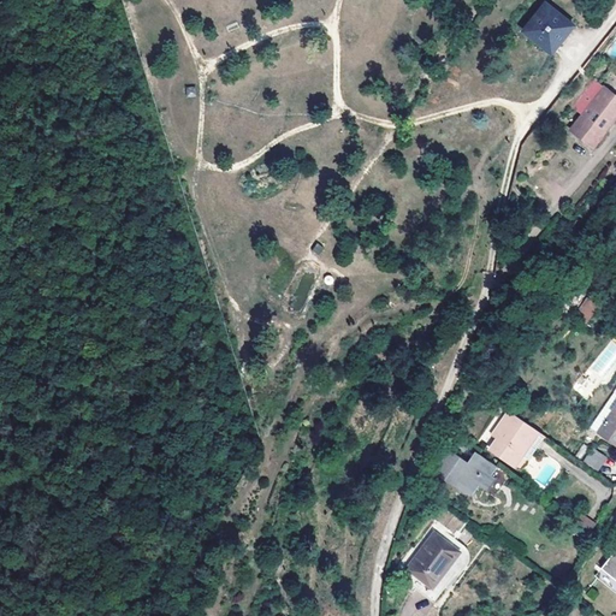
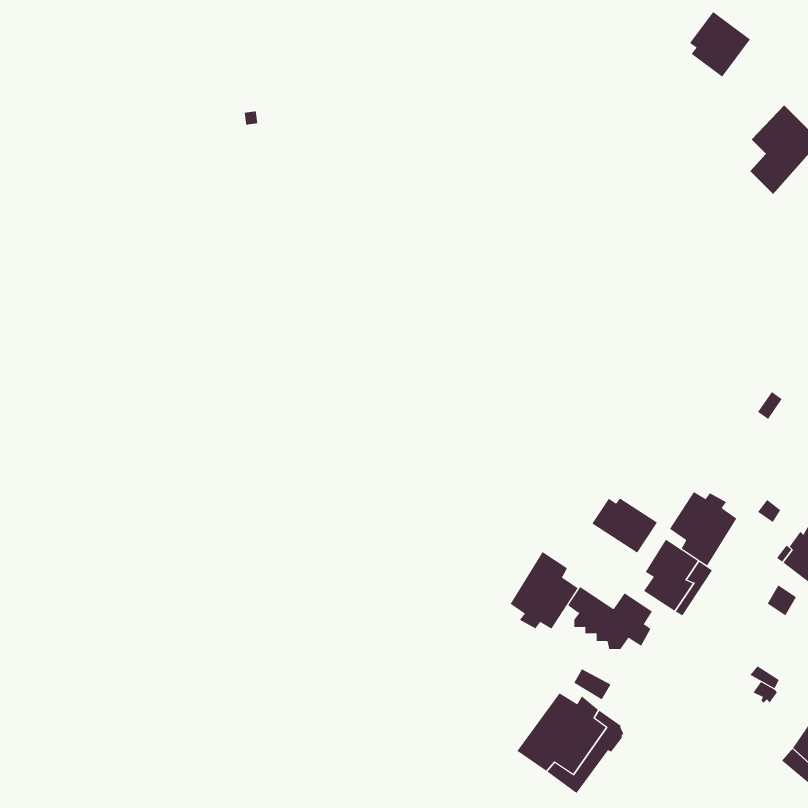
building: none -> [669,491,737,566]
building: none -> [592,497,658,554]
building: none -> [510,551,578,629]

